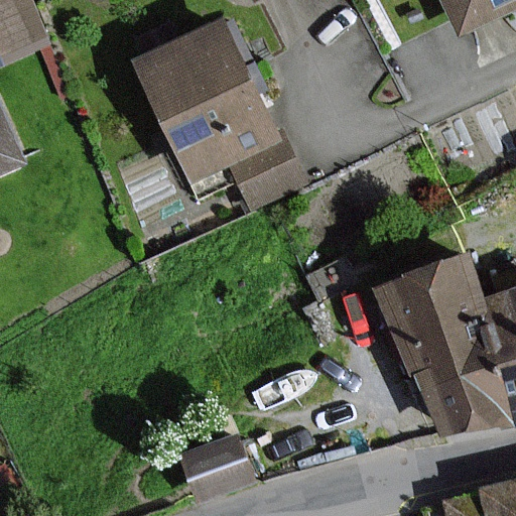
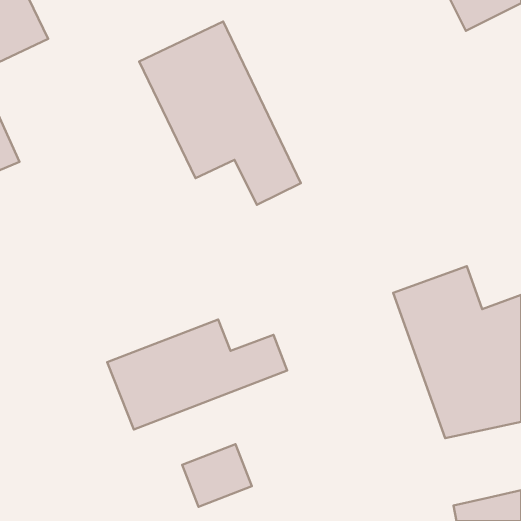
building: none -> [107,320,287,430]

